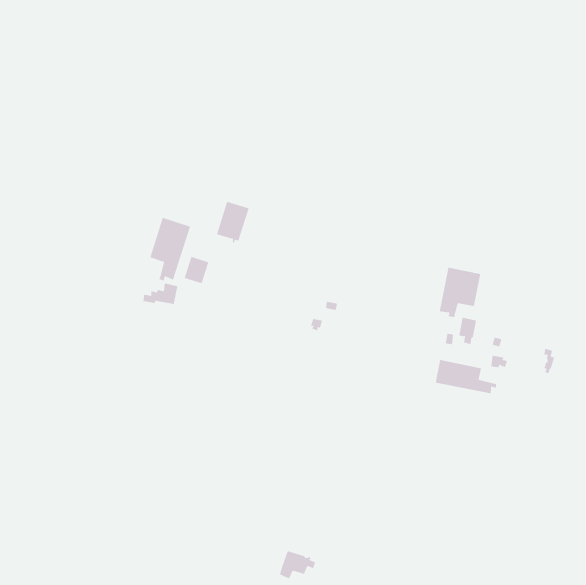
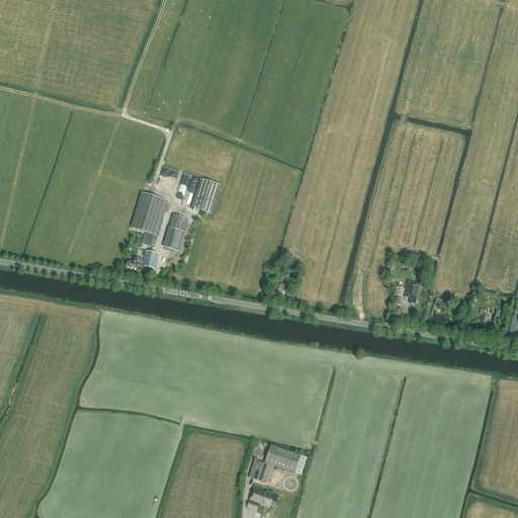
building: [439,267,481,318] -> none
building: [435,359,497,394] -> none
building: none -> [248,443,307,482]

